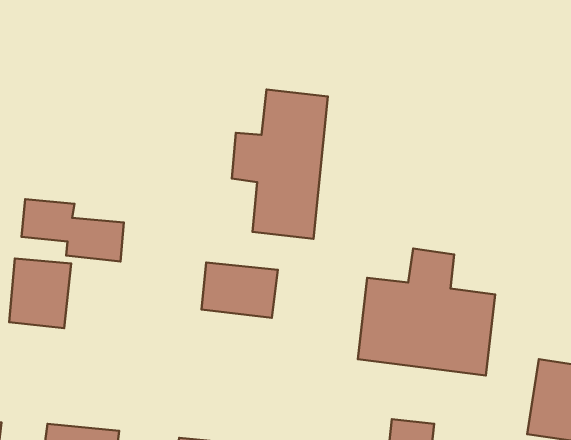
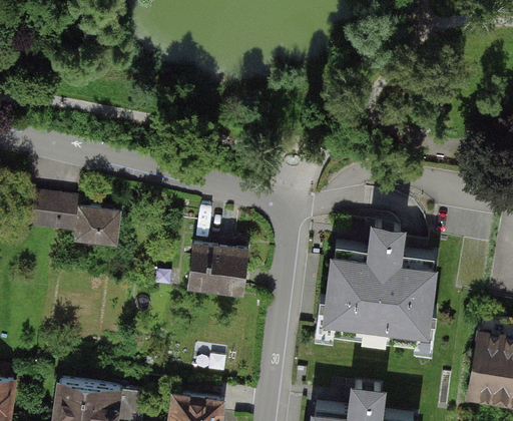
building: [232,89,328,239] -> none
building: [9,258,71,328] -> none

